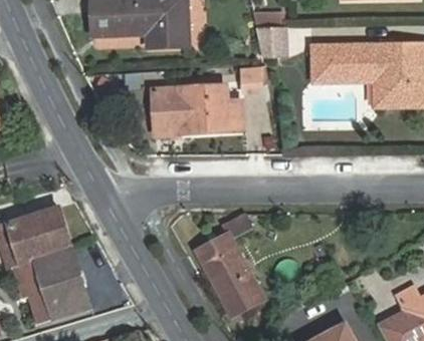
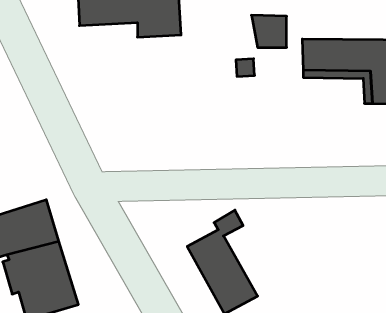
building: [132,85,243,133] -> none

